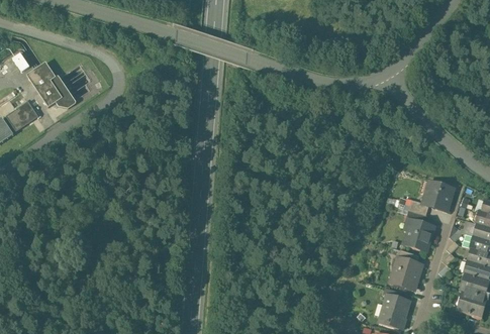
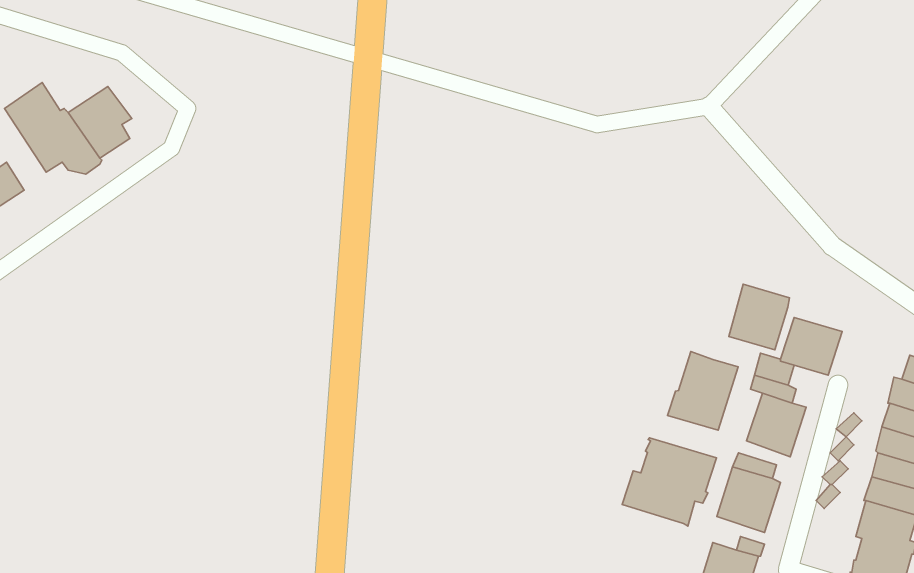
building: none -> [729,284,789,350]
building: none -> [667,351,738,430]
building: none -> [622,438,716,526]

